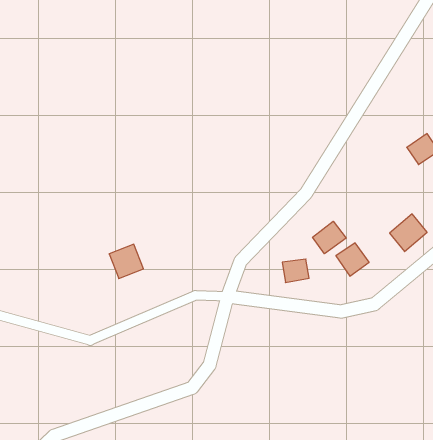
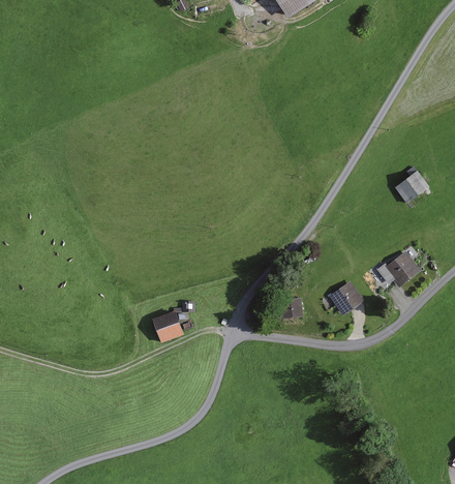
building: [313,221,346,254] -> none
building: [109,244,143,279] -> [155,306,188,339]

